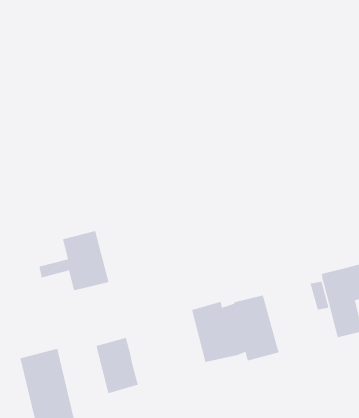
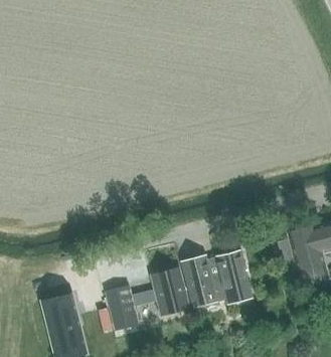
building: [39,230,110,291] -> [132,267,189,317]

